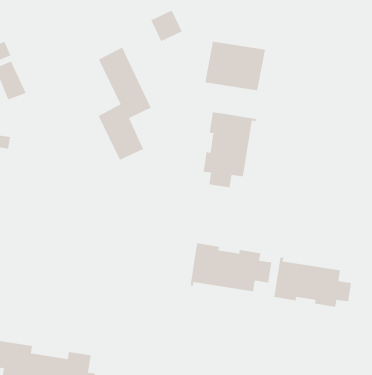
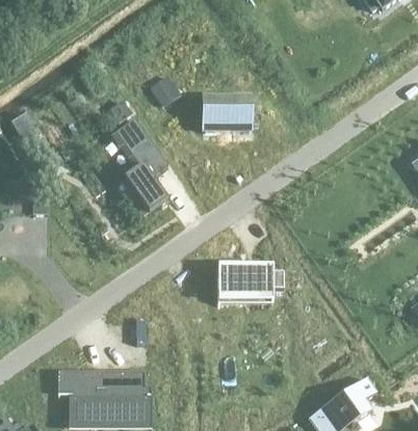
building: [203,111,256,188] -> none
building: [274,257,352,307] -> none

